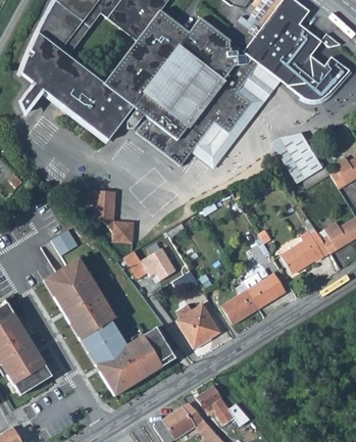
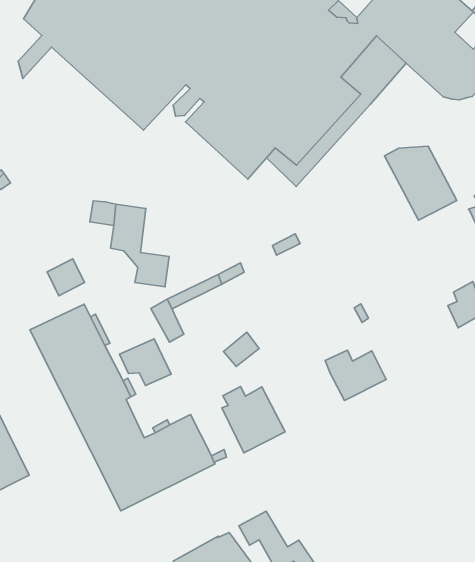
building: [281,231,329,275] -> none
building: [140,249,175,281] -> [119,339,171,386]
building: [221,291,258,325] -> none

